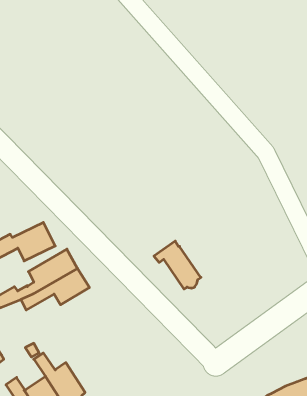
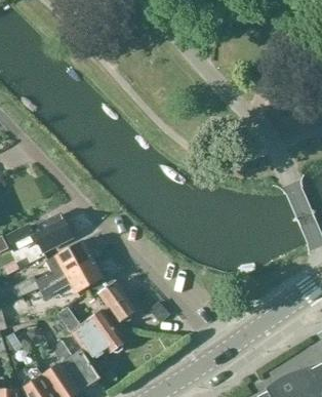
building: [154,241,201,289] -> [90,276,135,322]
building: none -> [57,306,124,361]

